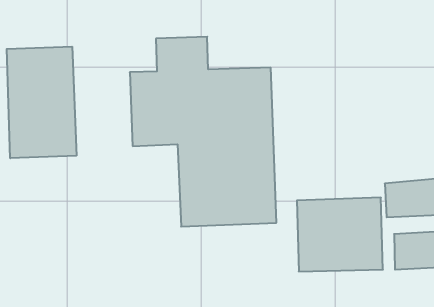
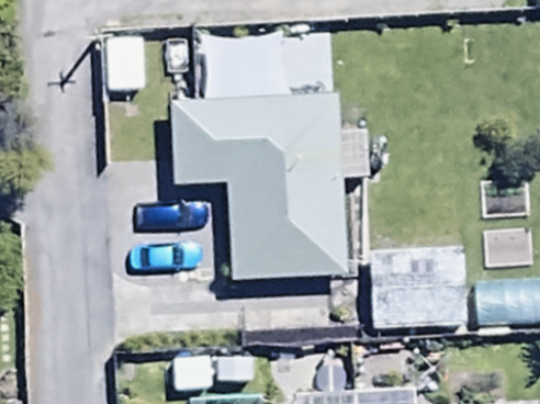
building: [7,47,76,158] -> none

